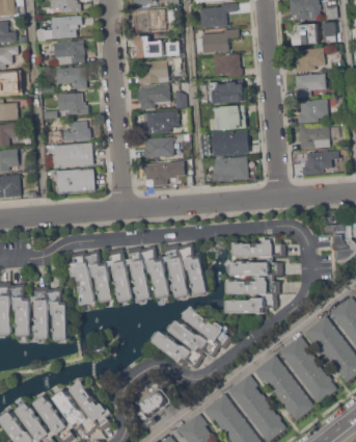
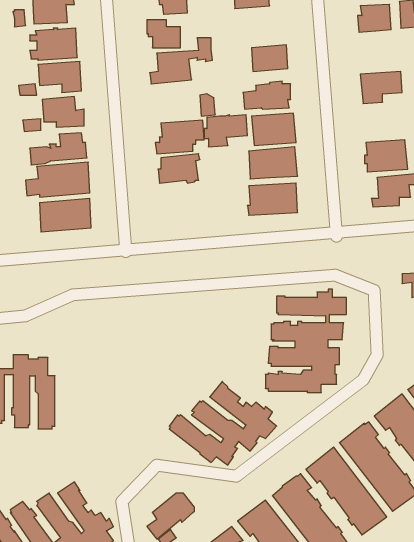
building: [201,30,238,55] -> none
building: [294,49,324,73] -> none
building: [137,86,169,110] -> [204,115,247,147]
building: [298,100,327,124] -> none
building: [144,162,175,186] -> none
building: [67,243,207,305] -> none

